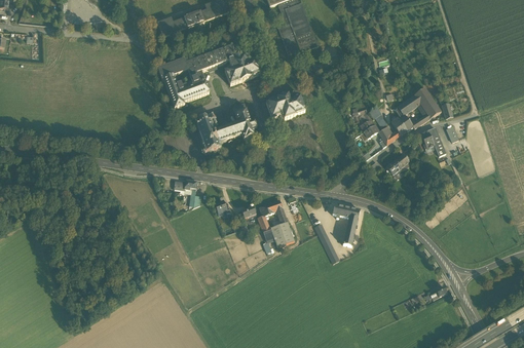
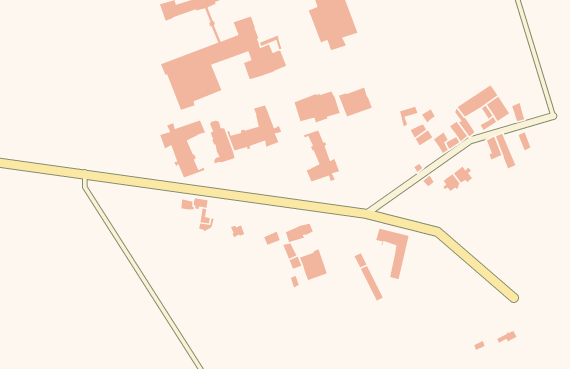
building: none -> [338,86,373,118]
building: none -> [159,120,206,178]
building: none -> [303,129,340,182]

